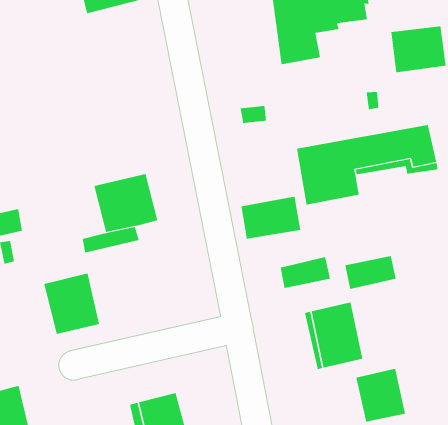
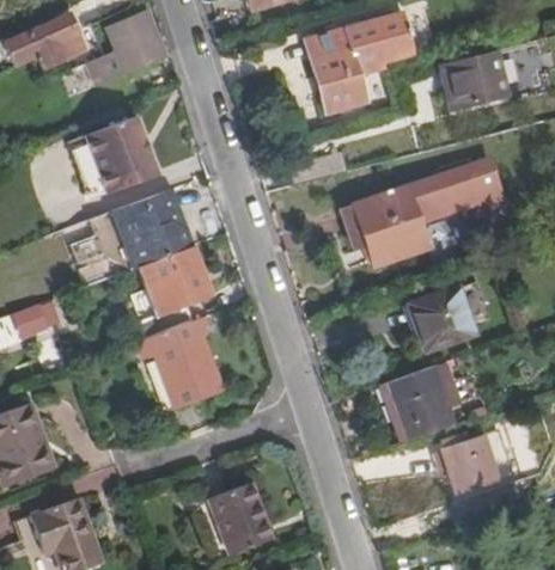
building: none -> [73,114,154,189]
building: none -> [108,194,190,269]
building: [241,196,301,240] -> none
building: [280,256,331,289] -> [413,283,470,324]
building: [43,273,100,334] -> [157,339,224,411]

